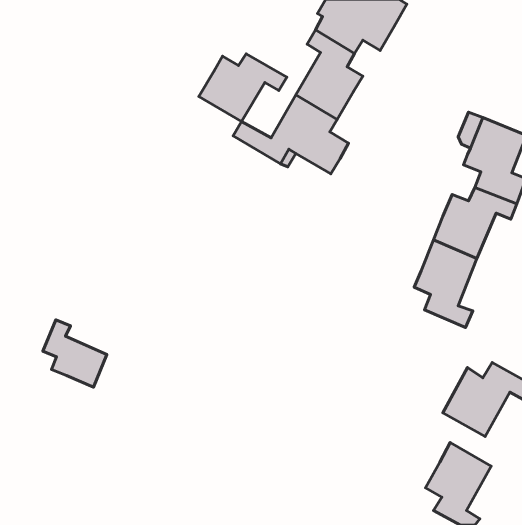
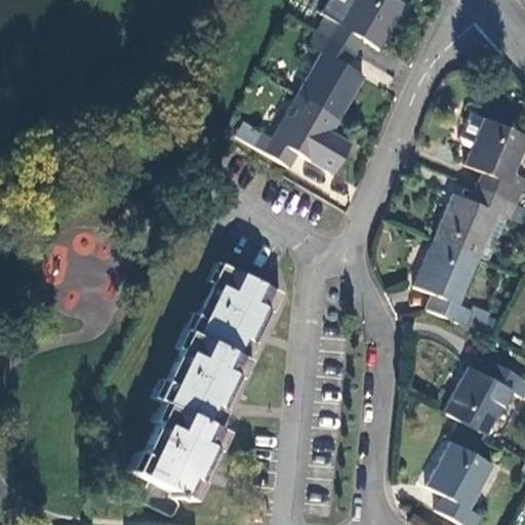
building: [199,54,287,121] -> none
building: none -> [129,261,283,514]
building: [43,320,107,387] -> none

